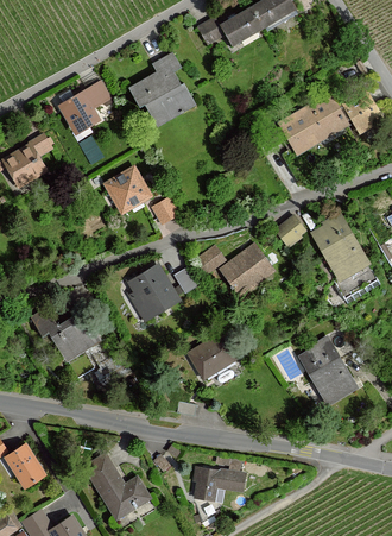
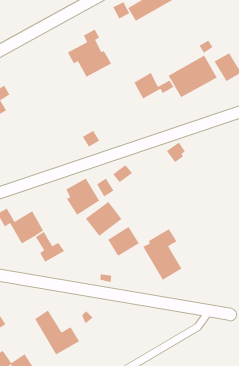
building: [59,82,109,134] -> none
building: none -> [133,72,175,99]
building: [103,166,151,214] -> none
building: [308,213,366,282] -> none
building: [220,245,273,296] -> [85,201,123,237]
building: [299,330,356,405] -> [142,228,183,281]
building: [194,467,245,522] -> none

